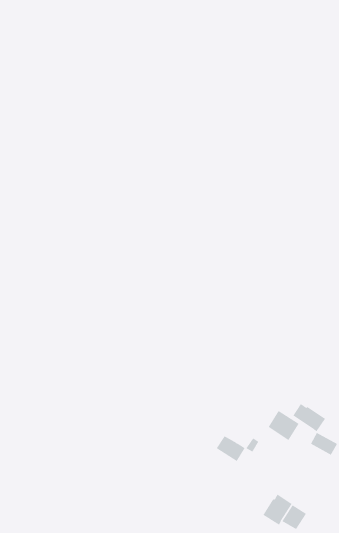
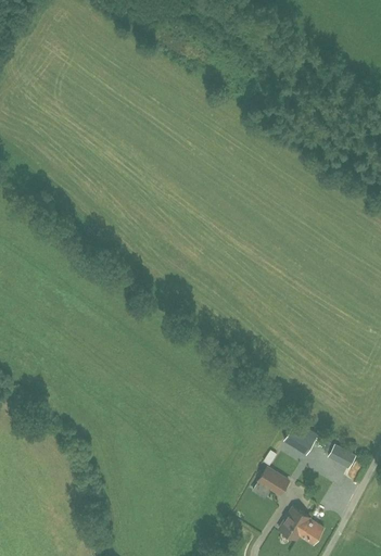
building: [292,403,326,432] -> none
building: [216,435,245,462] -> [258,467,289,494]

